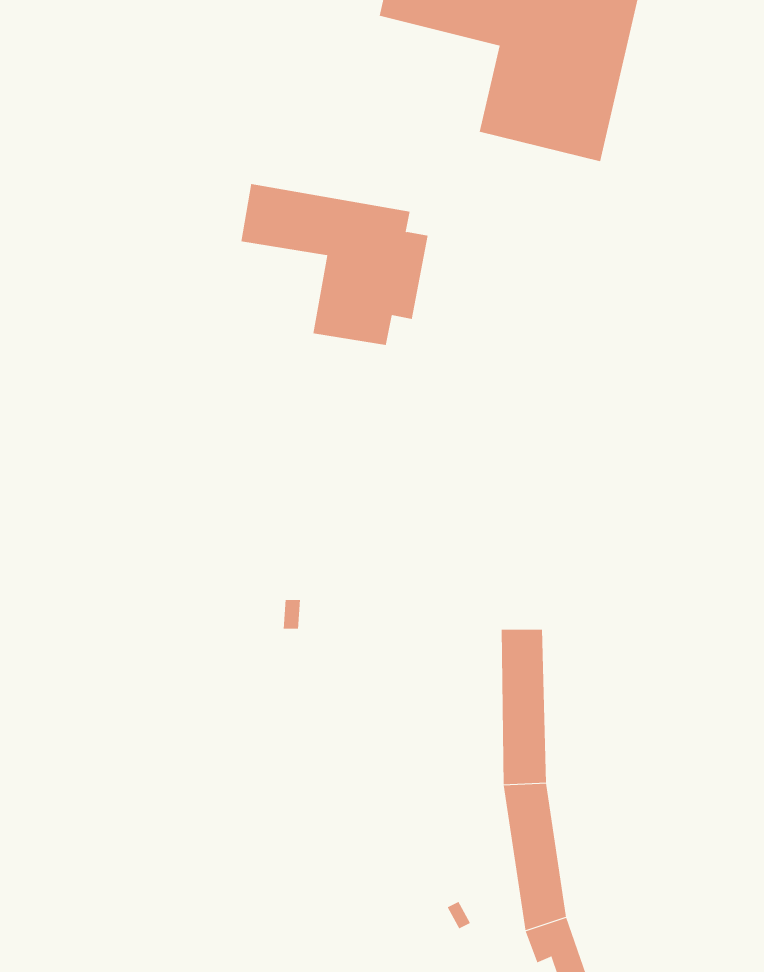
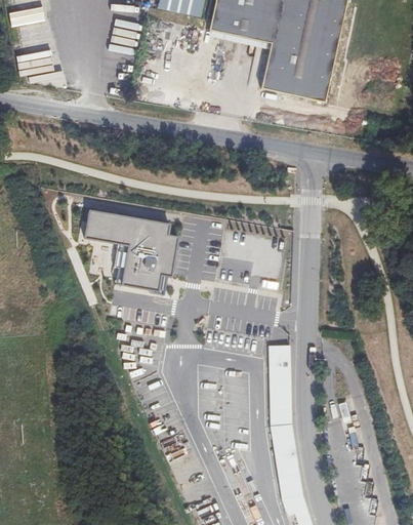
building: [241,184,428,345] -> [85,206,181,289]

